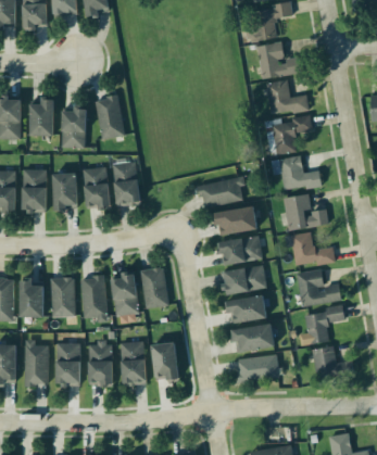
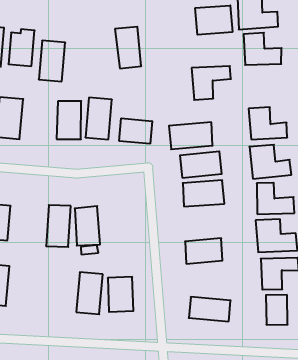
building: none -> [195,5,232,35]
building: [95,96,125,140] -> [115,27,141,68]
building: [272,117,313,155] -> [192,66,231,100]
building: [52,174,76,210] -> none
building: none -> [119,118,152,144]
building: [223,266,266,294] -> none
building: [141,267,168,308] -> none
building: [52,278,74,317] -> none
building: [231,325,274,353] -> none
building: [55,343,80,386] -> none
building: [88,343,112,384] -> none

